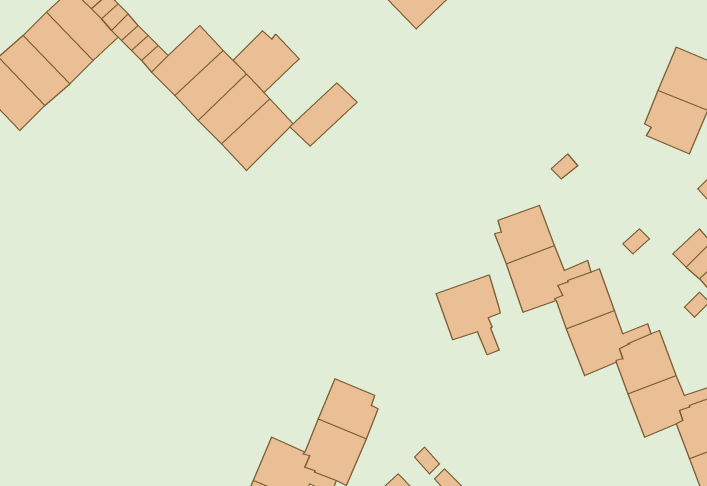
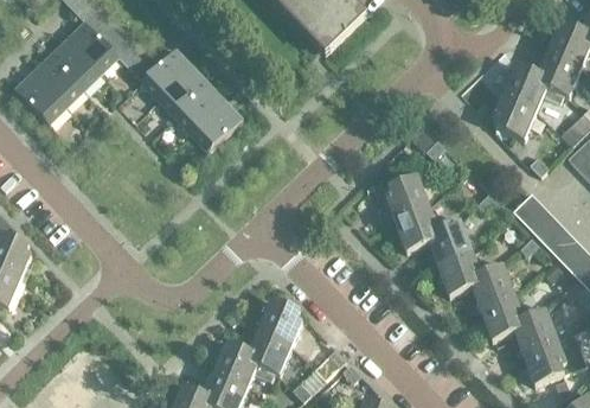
building: [233,31,299,92] -> none
building: [290,83,357,146] -> none
building: [436,275,500,355] -> none

